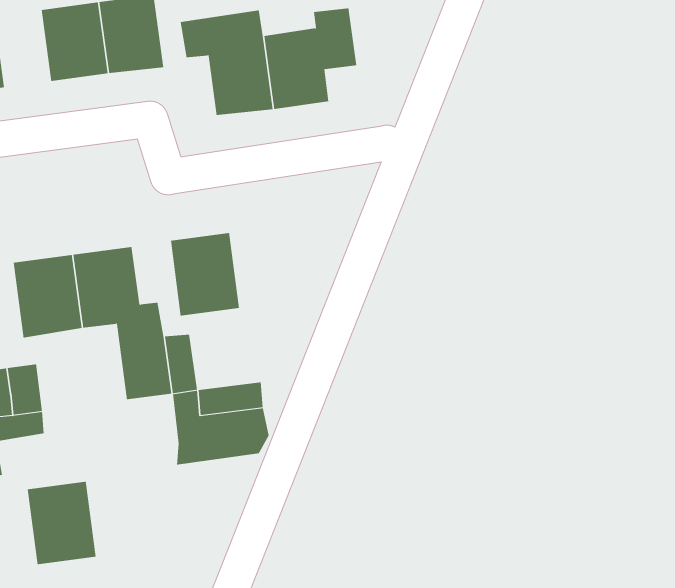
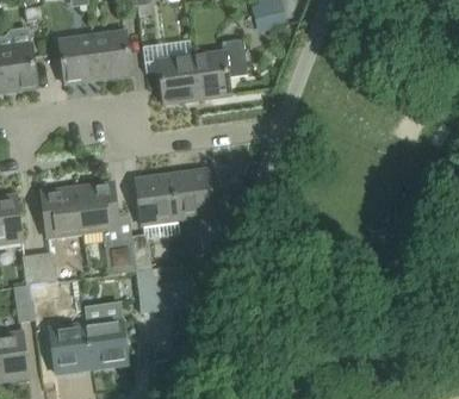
building: none -> [170,168,212,218]
building: none -> [85,317,126,367]

